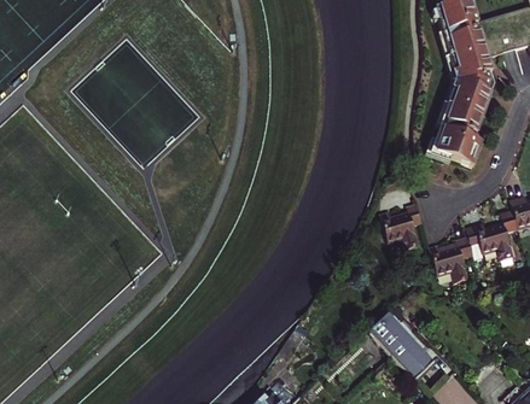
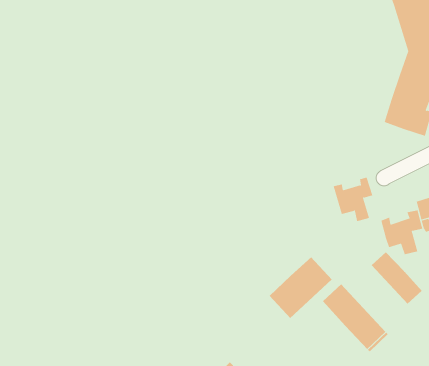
building: none -> [371,251,423,305]
building: none -> [269,257,332,319]

